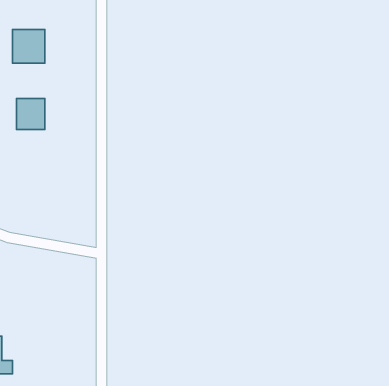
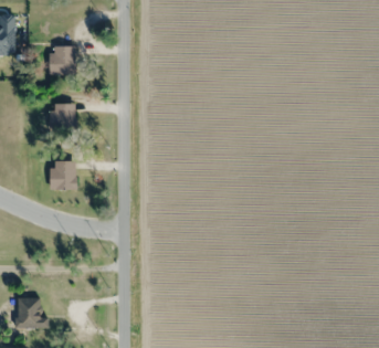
building: none -> [50,159,75,188]

